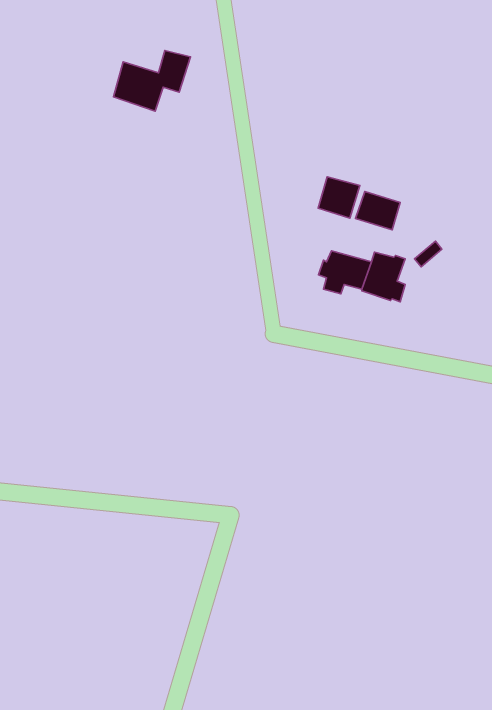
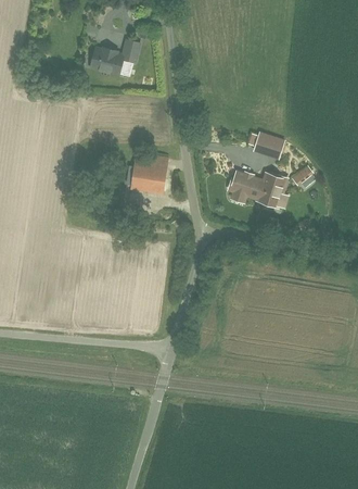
building: [318,177,360,218] -> none
building: none -> [128,155,167,199]

